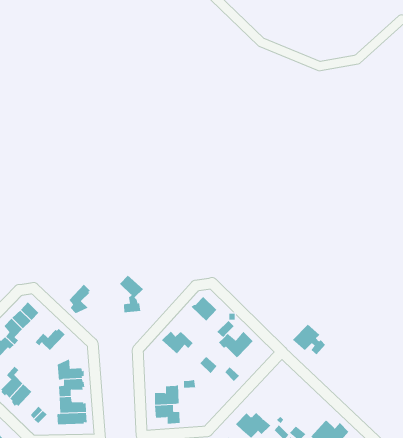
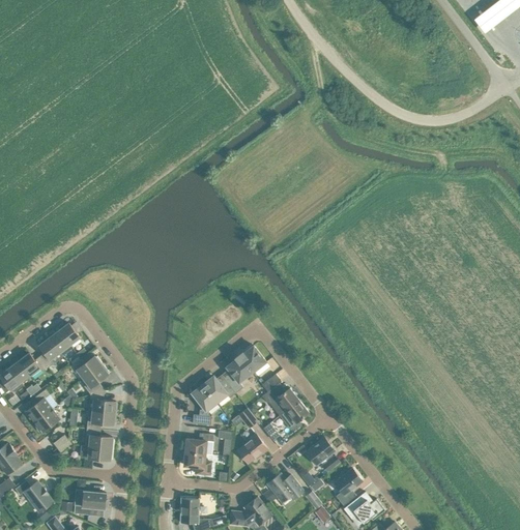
building: [119,275,144,313] -> [192,384,216,424]
building: [69,284,91,314] -> [84,363,109,393]
building: none -> [224,354,252,392]
building: [292,324,326,355] -> [305,437,339,471]
building: none -> [280,400,309,429]
building: none -> [237,433,267,463]
building: none -> [334,468,363,505]

